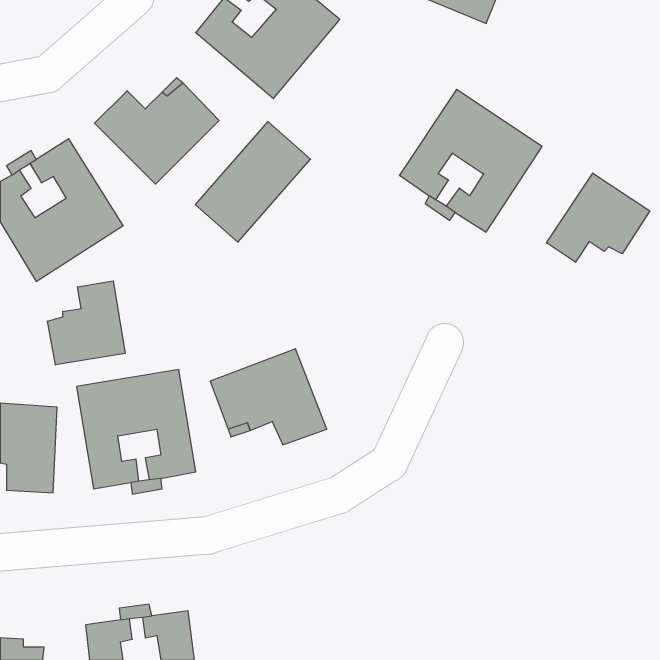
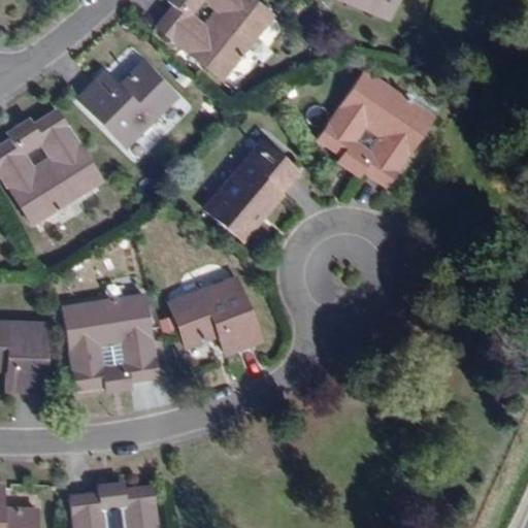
building: [195,122,311,242] -> [205,141,297,237]
building: [546,173,650,262] -> none
building: [47,281,125,365] -> none

